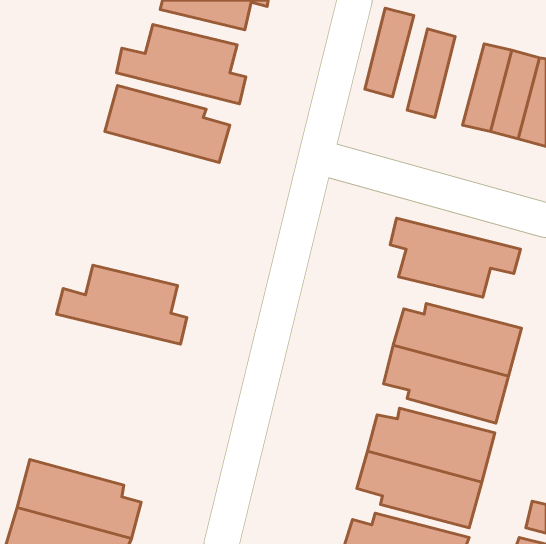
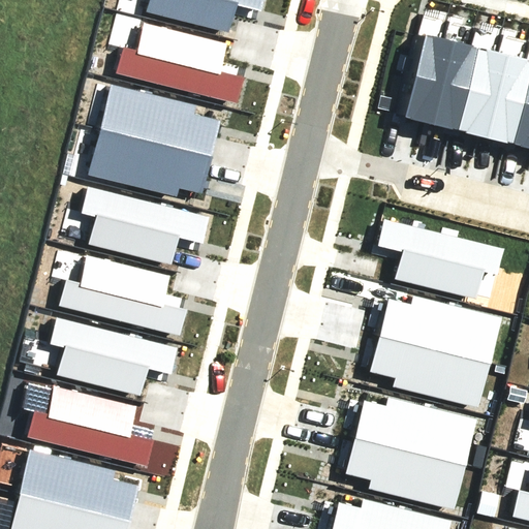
building: [365,8,414,97] -> [421,37,468,123]
building: none -> [89,129,212,200]
building: none -> [81,187,206,266]
building: none -> [45,314,170,391]
building: none -> [31,391,157,467]

